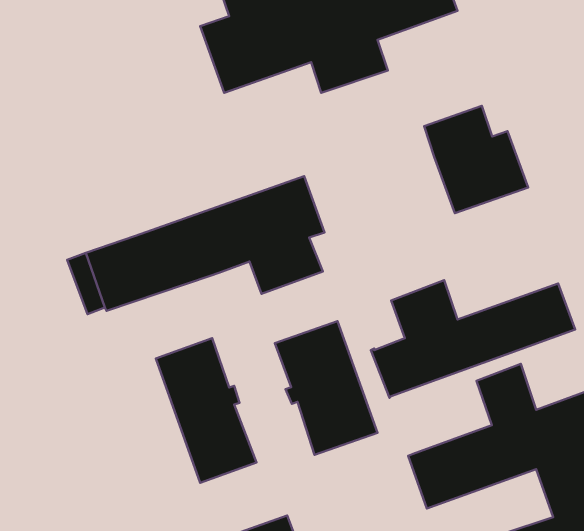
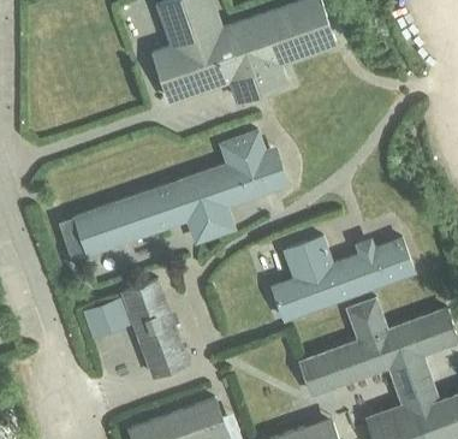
building: [424,106,528,213] -> [218,126,291,202]
building: [275,321,377,455] -> none
building: none -> [83,297,131,339]

